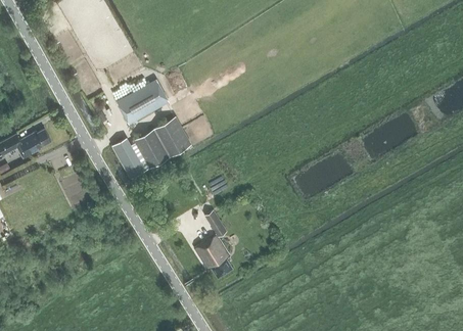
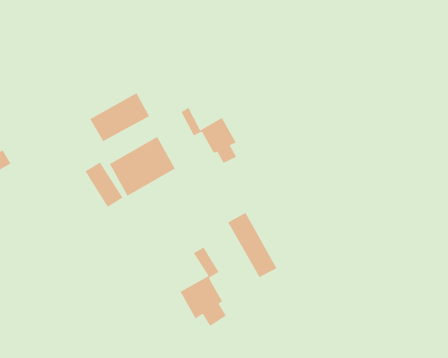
building: none -> [181,107,237,164]
building: none -> [227,212,277,278]

